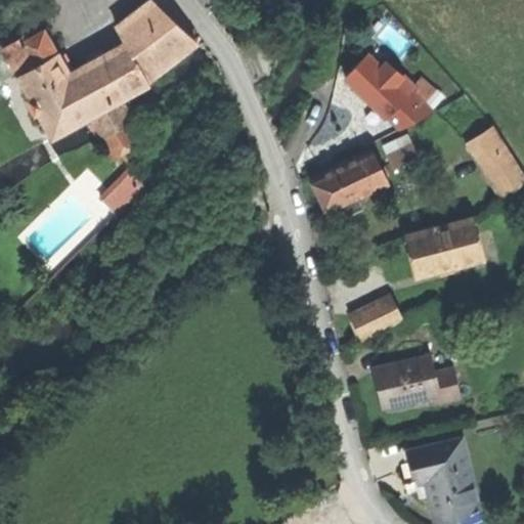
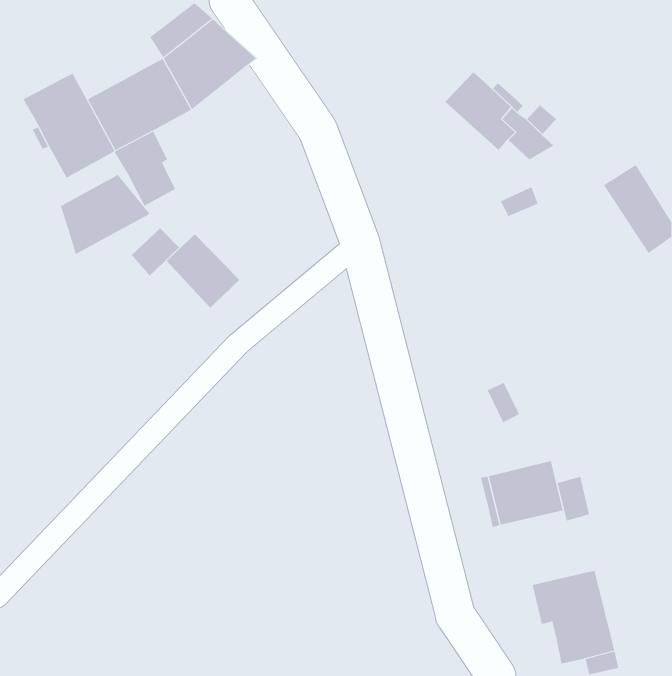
building: [6,31,56,76] -> none
building: none -> [60,174,150,255]
building: [308,150,387,215] -> none
building: none -> [166,233,240,308]
building: [404,218,483,277] -> none
building: [349,302,389,341] -> none

